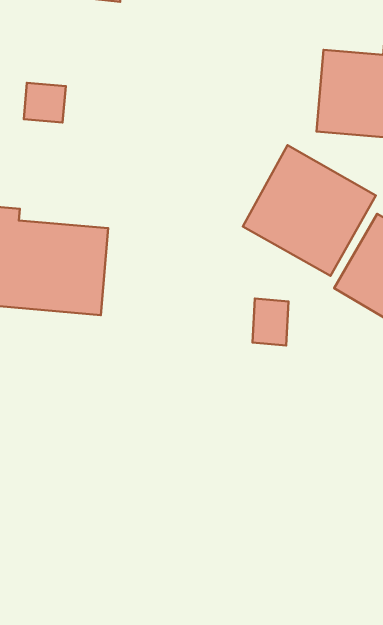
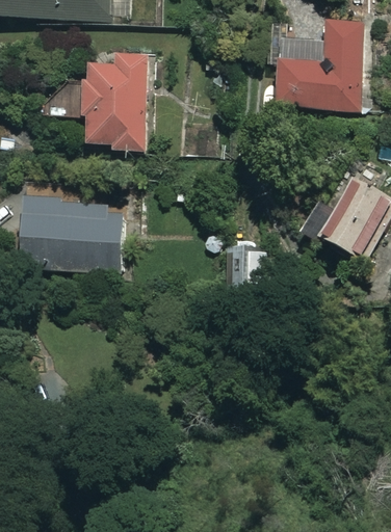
building: none -> [84,53,146,150]
building: [243,145,376,276] -> none

